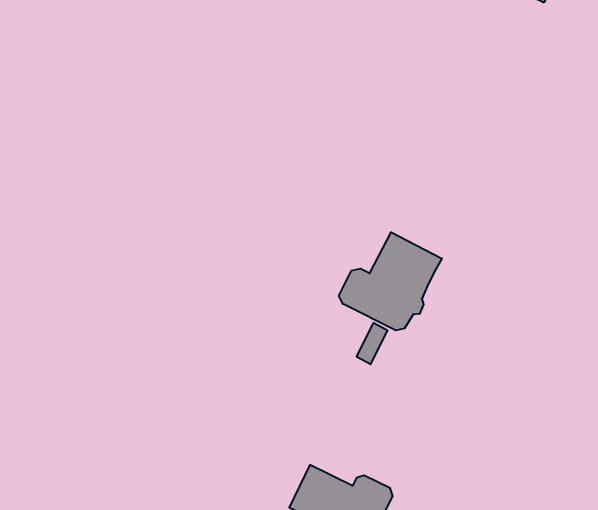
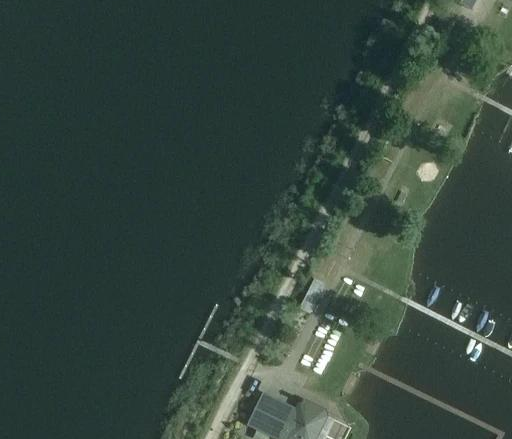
building: [339,232,442,330] -> none

